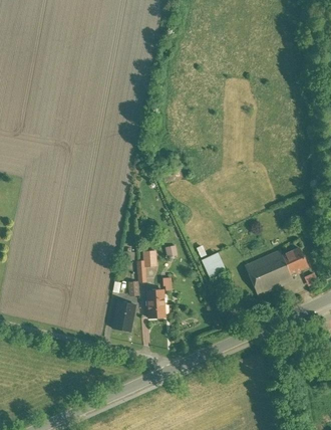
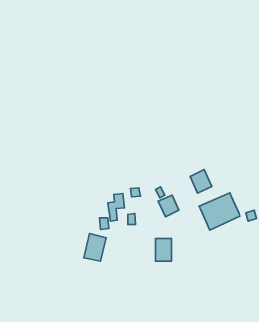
building: [286,245,312,273] -> [190,170,212,193]
building: [146,288,165,315] -> [155,238,171,261]

